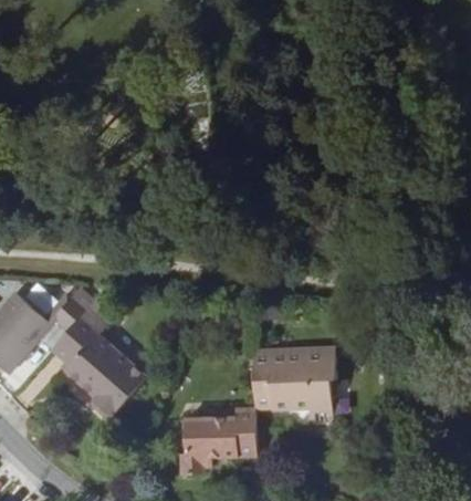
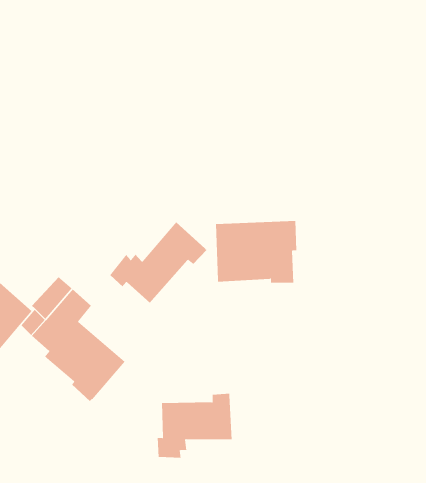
building: none -> [110,221,207,303]
building: [252,347,336,411] -> [215,221,297,283]

